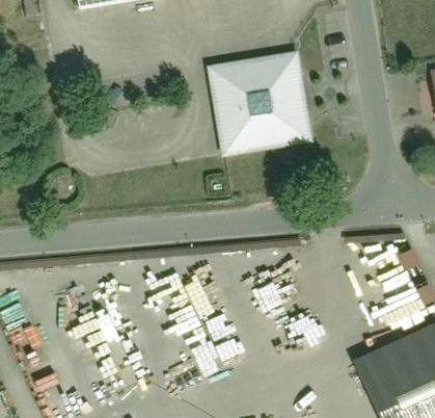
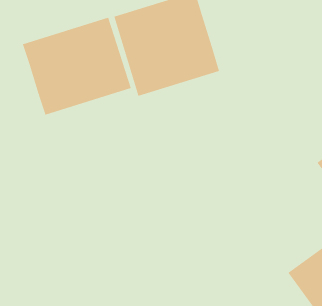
building: none -> [22,17,132,115]

